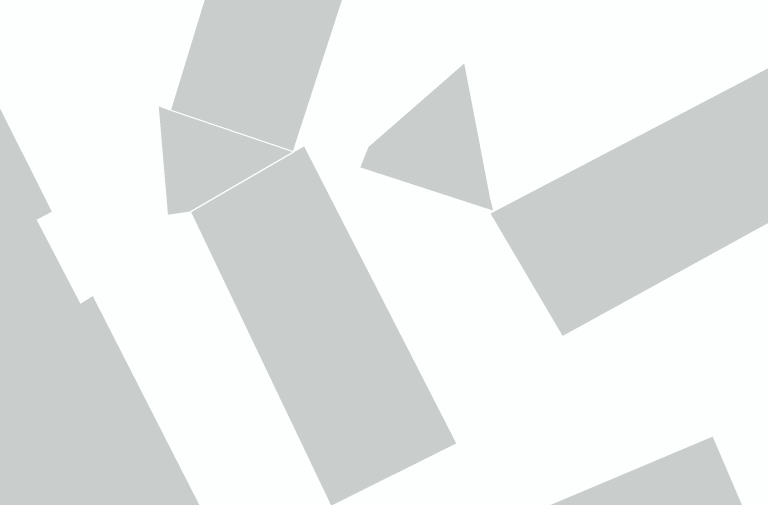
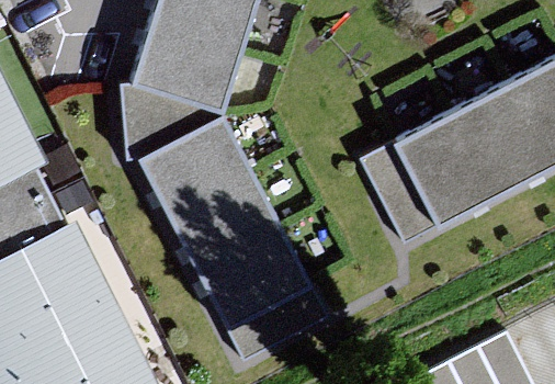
building: [360,62,494,211] -> none

